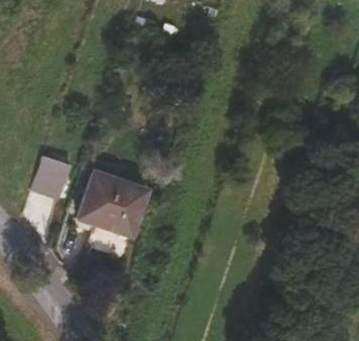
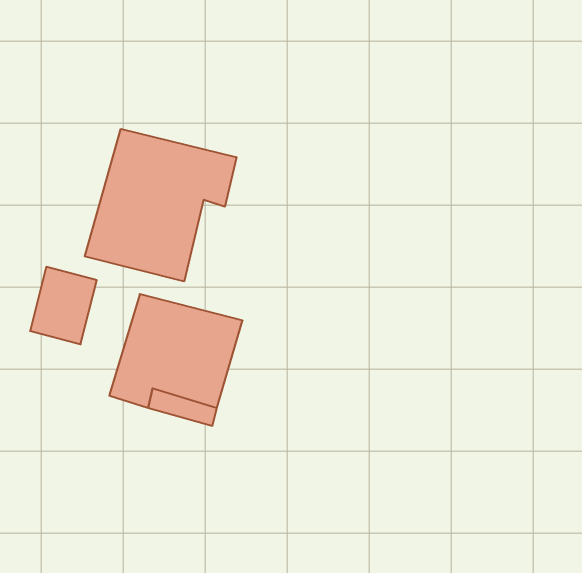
building: none -> [85,129,236,281]

